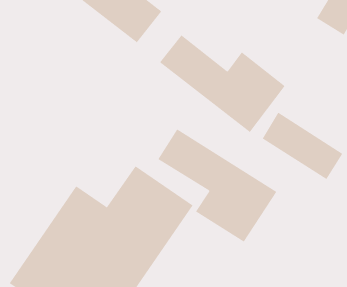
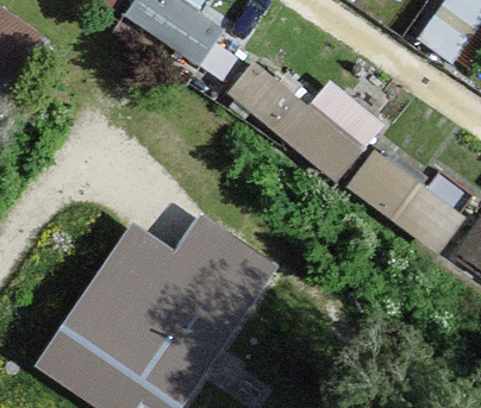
building: [158,128,277,242] -> none

